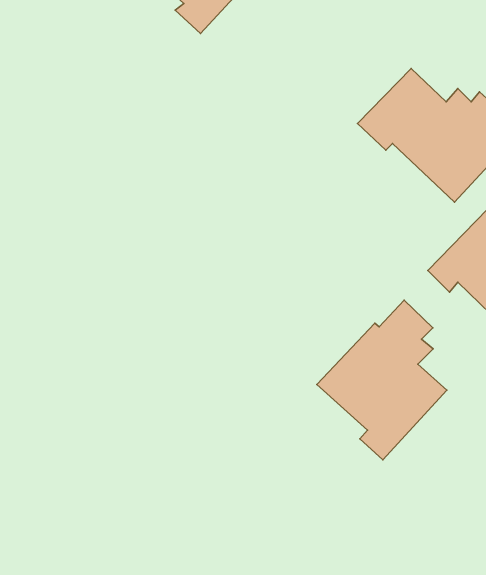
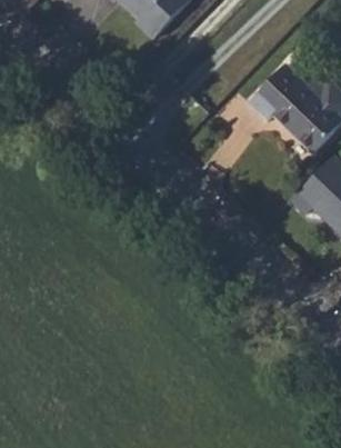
building: [317,300,447,460] -> none

